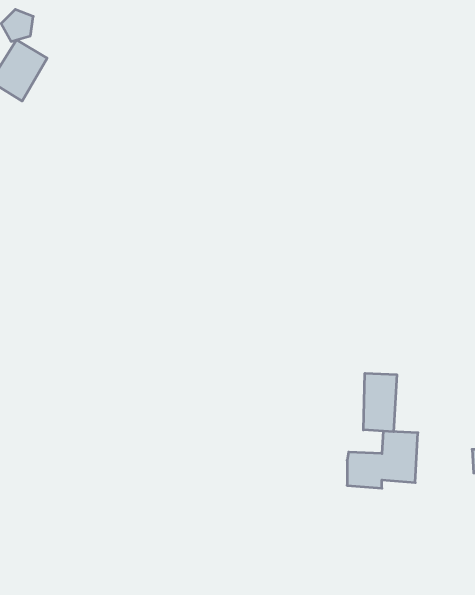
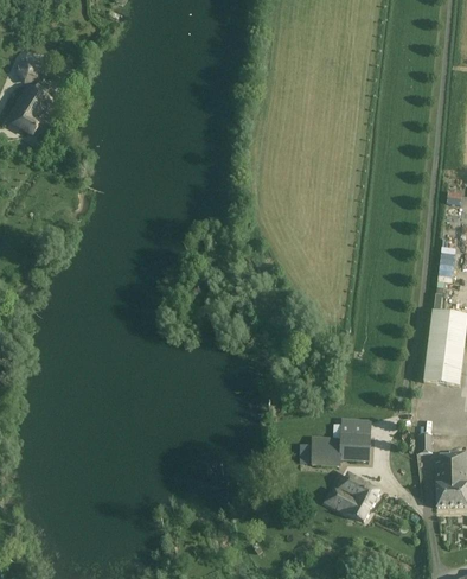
building: [363,373,397,432] -> none
building: none -> [326,472,379,521]

